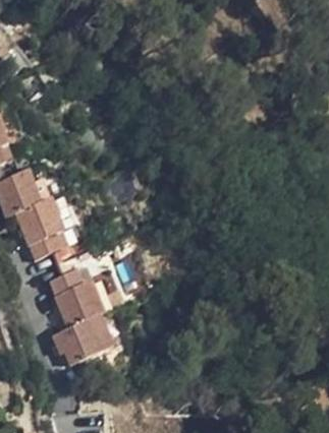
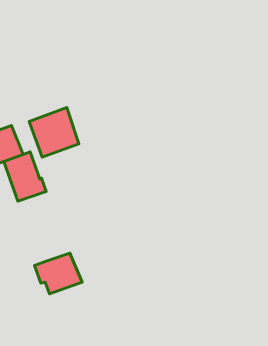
building: none -> [29,108,79,157]
building: [51,270,102,325] -> none

